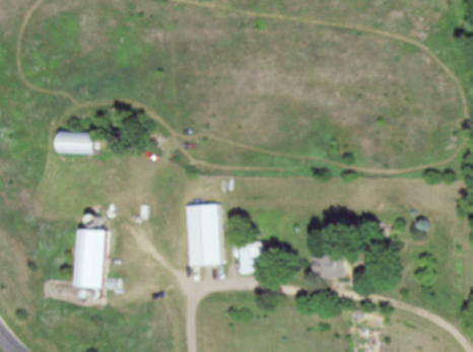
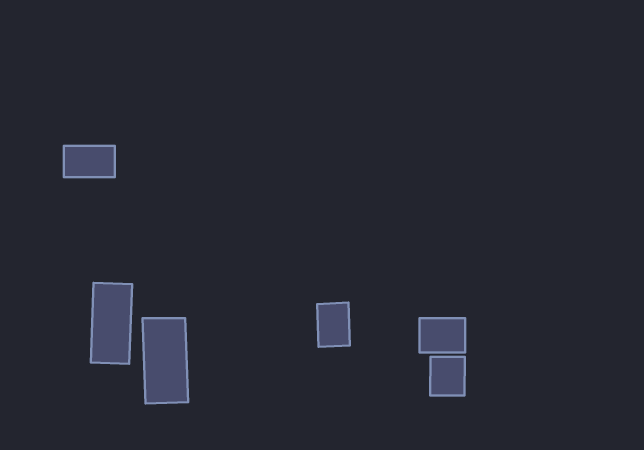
building: [186,205,218,266] -> [143,318,188,403]
building: none -> [430,357,465,395]

